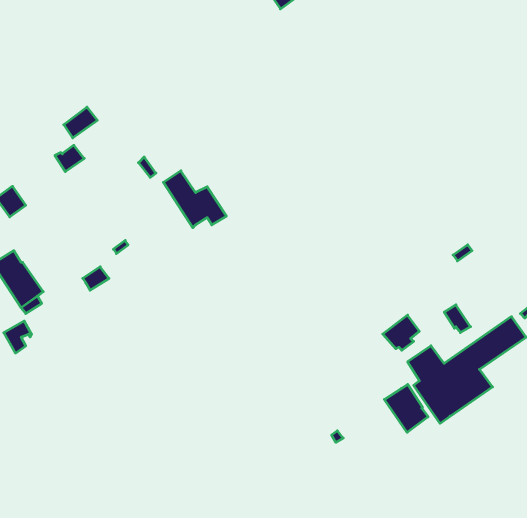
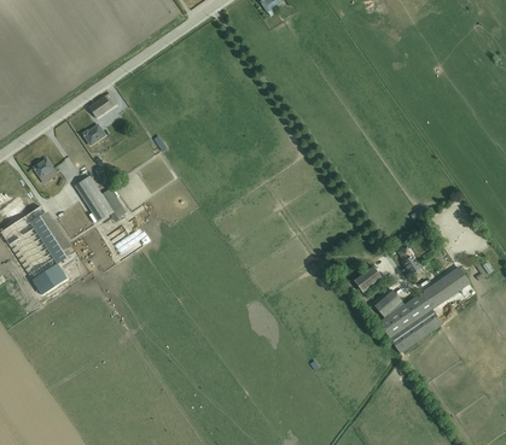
building: [163,171,226,228] -> [75,175,127,222]
building: [384,384,428,432] -> none

